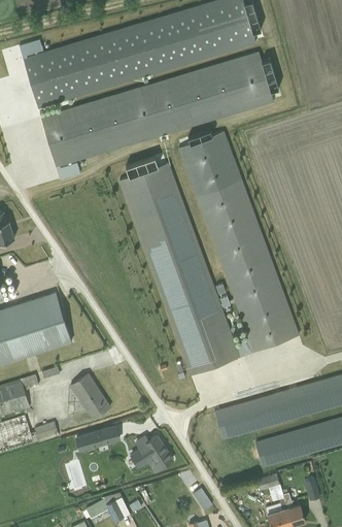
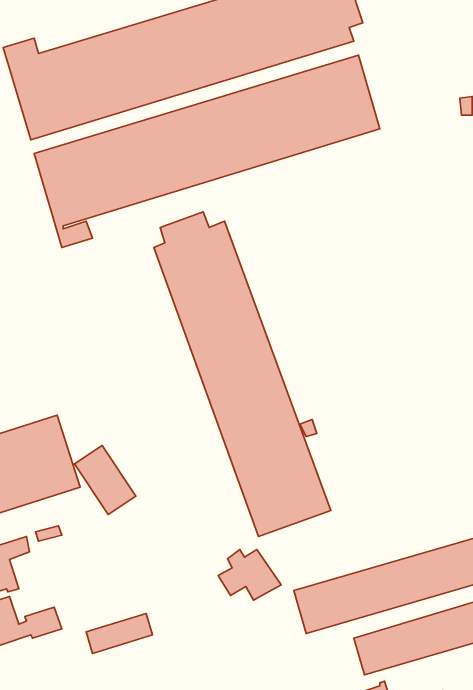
building: [175,128,301,357] -> none
building: [69,373,110,420] -> [74,445,136,515]
building: [130,436,172,470] -> [218,549,281,600]

